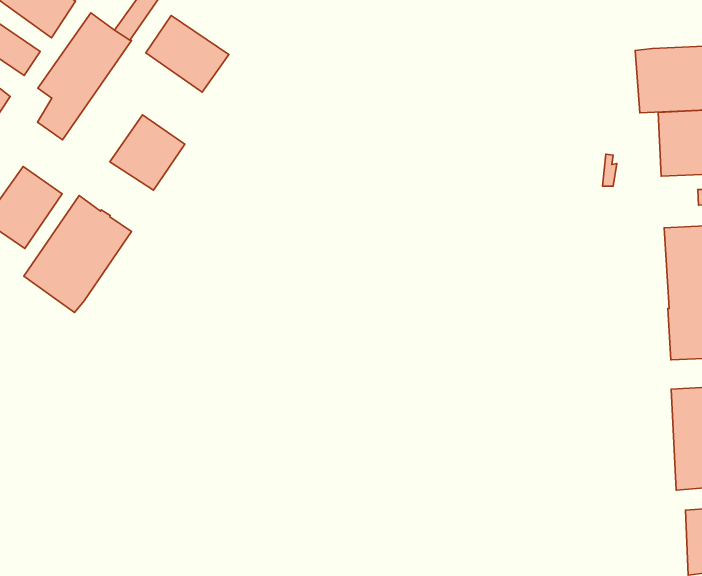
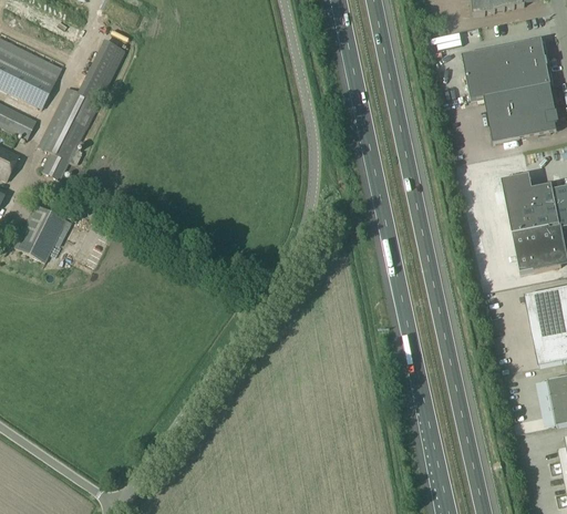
building: [146,16,229,92] -> none
building: [110,115,185,190] -> none
building: [24,195,132,313] -> none

